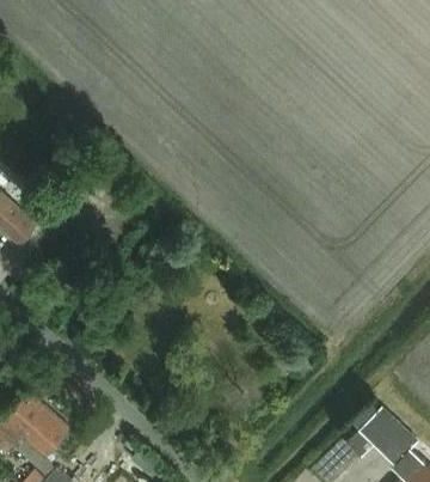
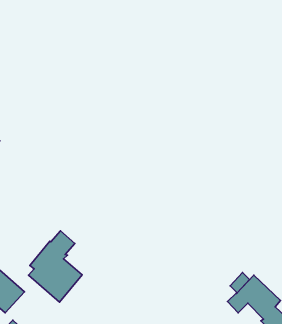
building: none -> [29,231,82,302]

